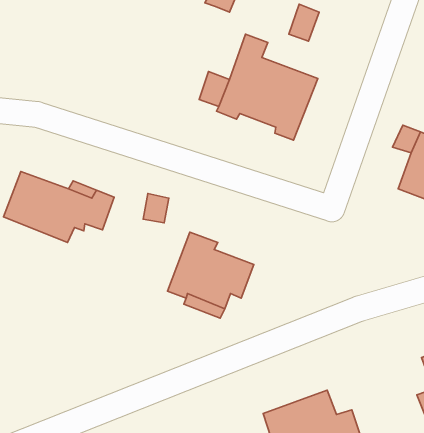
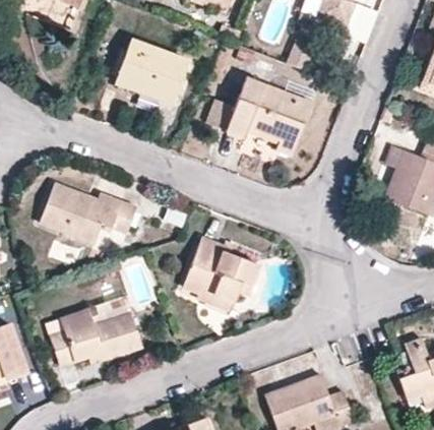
building: none -> [115,38,188,105]
building: none -> [50,308,142,366]

